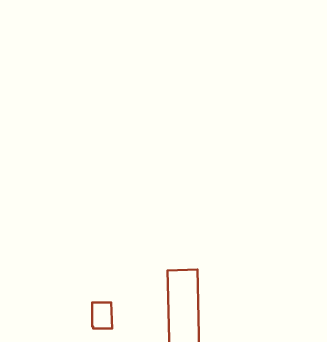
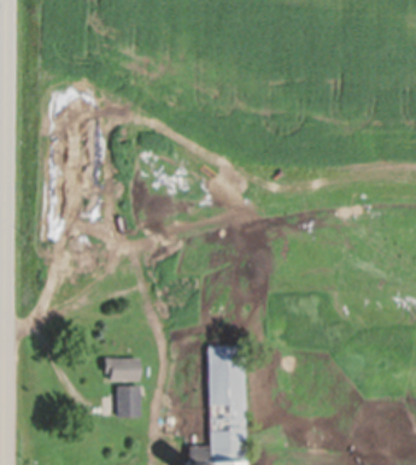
building: none -> [105,359,139,381]

